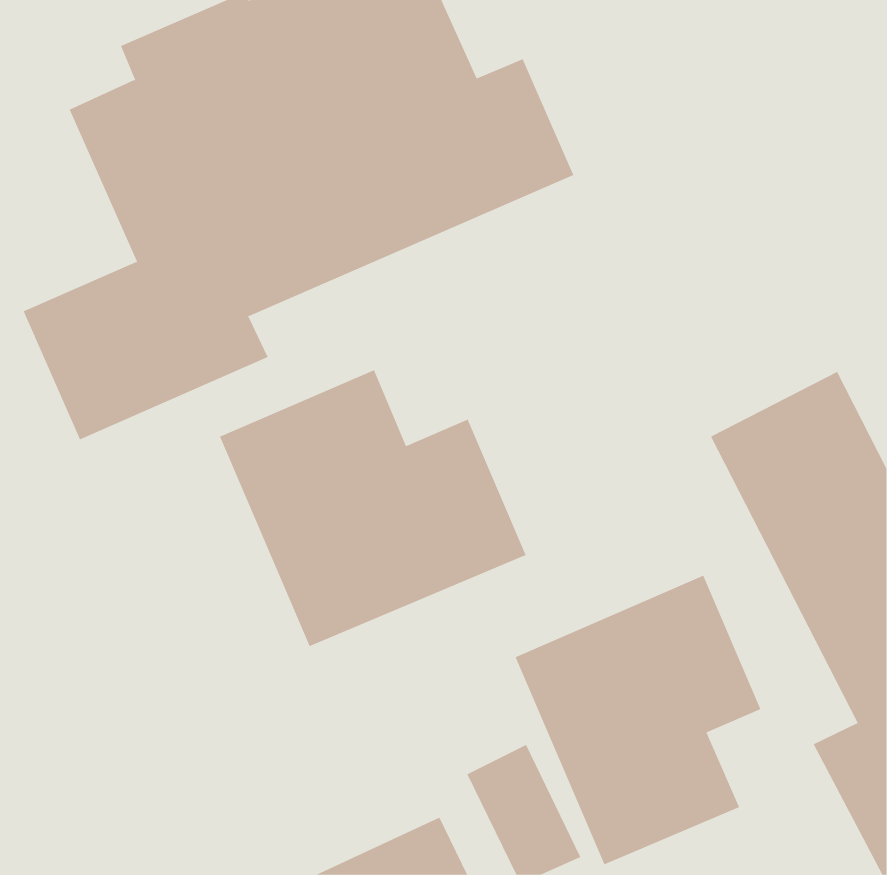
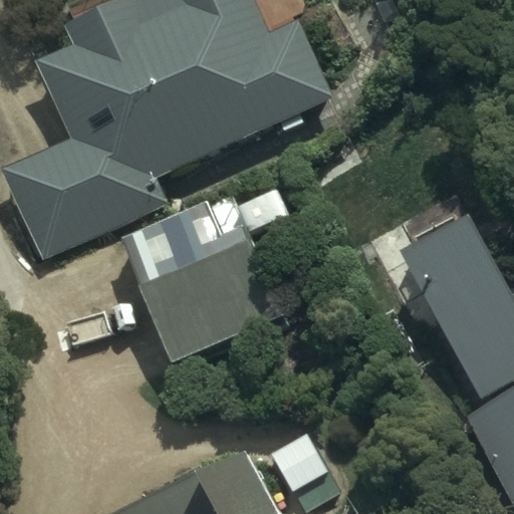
building: [515,575,761,865] -> none

